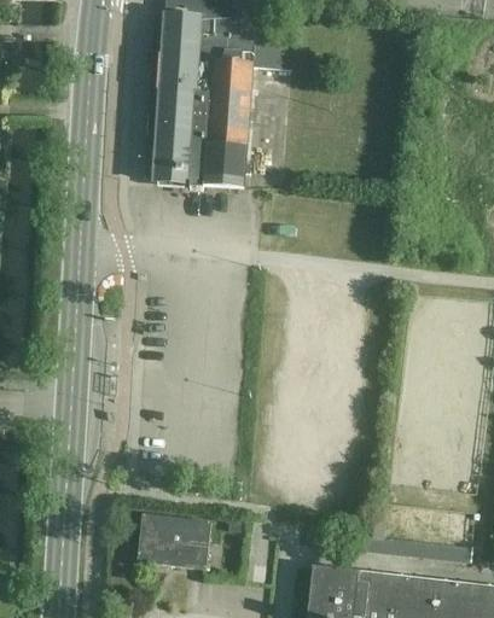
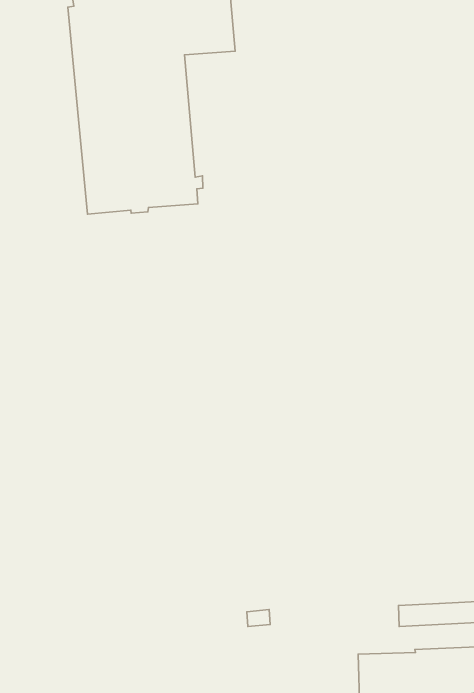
building: [135,515,209,571] -> none

